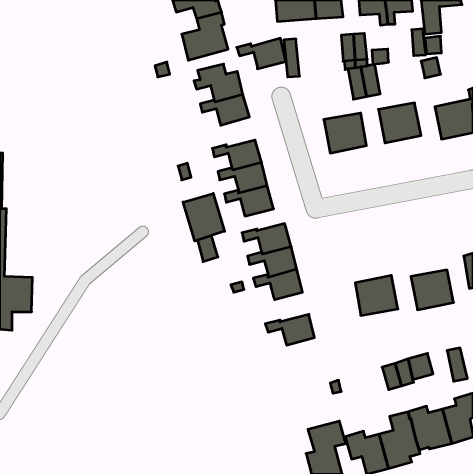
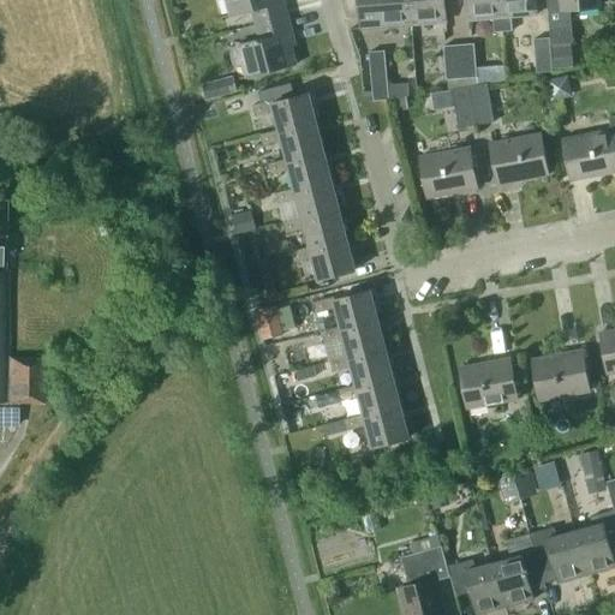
building: [237,38,286,69] -> [267,151,330,191]
building: [183,193,225,241] -> none
building: none -> [336,378,400,417]

